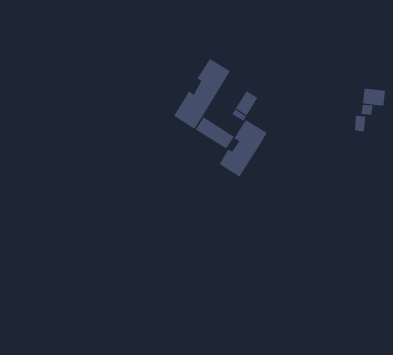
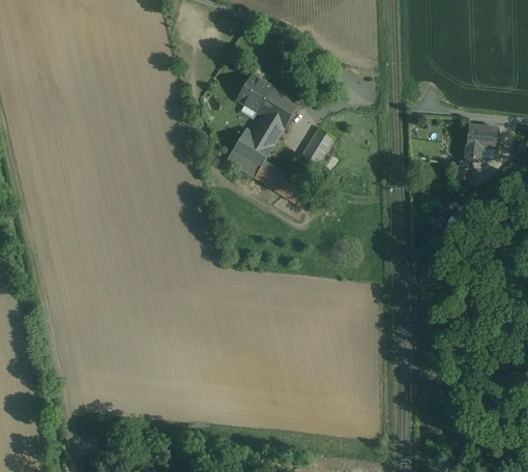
building: none -> [235,72,272,112]
building: [219,119,267,177] -> none

